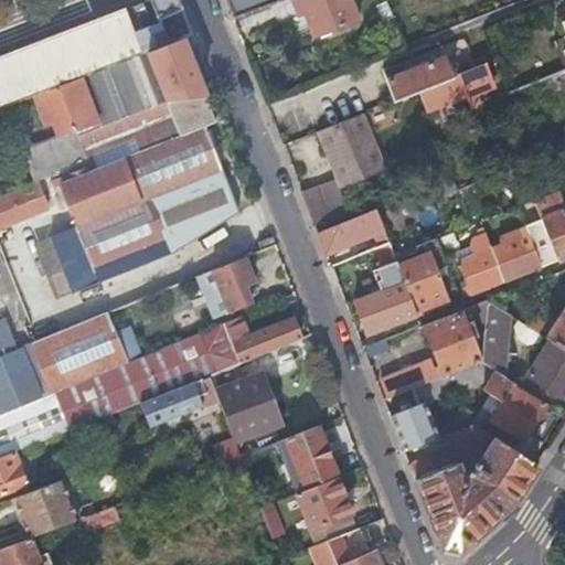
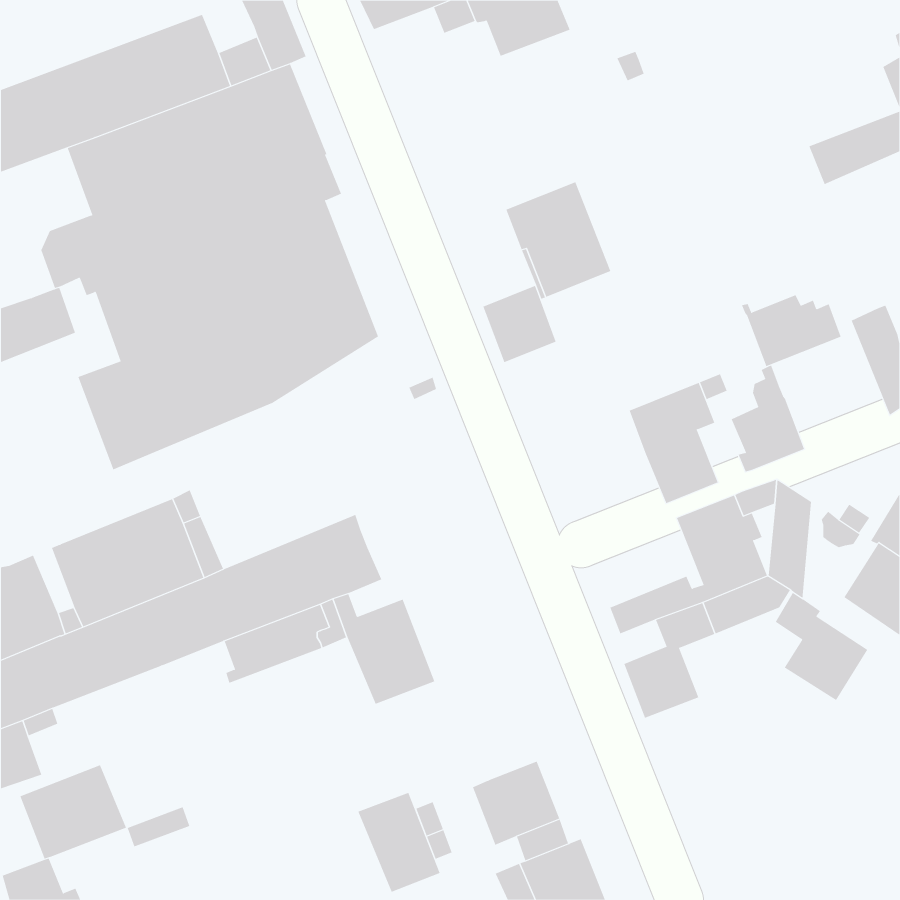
building: [386,56,492,114] -> none
building: [318,210,384,254] -> none
building: [489,236,552,281] -> [741,295,842,367]
building: [355,243,417,335] -> none
building: [196,257,254,318] -> none
building: [223,317,300,363] -> none
building: [409,423,539,552] -> none
building: [285,426,337,489] -> [358,792,440,893]

